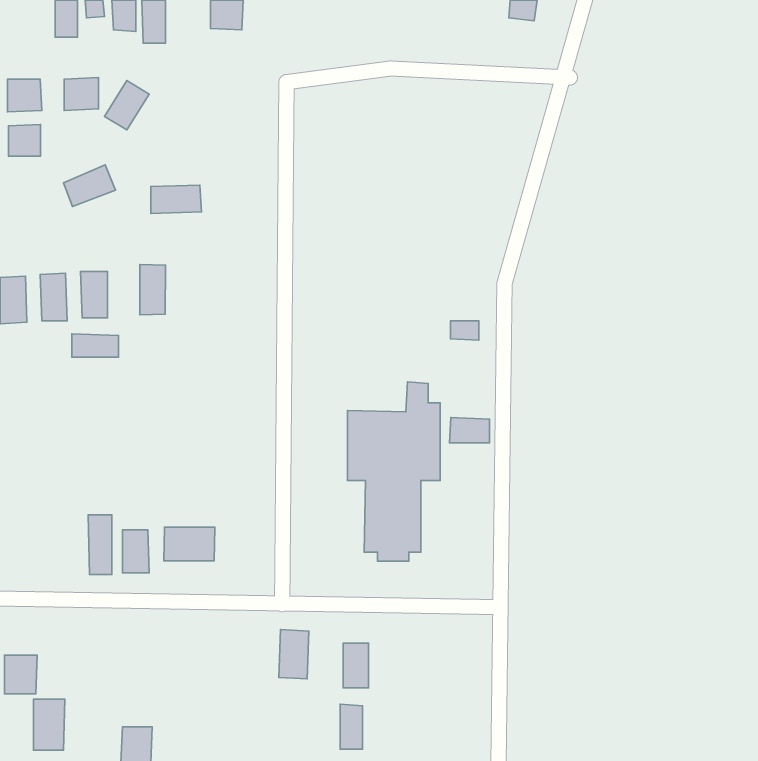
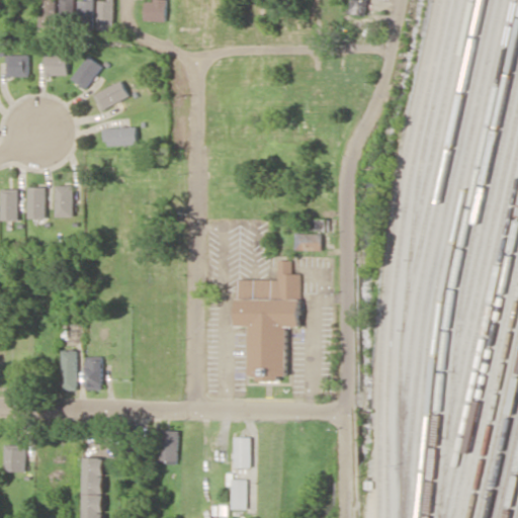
building: [9,124,40,156] -> none
building: [63,165,116,207] -> [93,81,128,109]
building: [140,265,165,315] -> none
building: [72,334,118,357] -> none
building: [449,418,490,443] -> [292,233,320,250]
building: [164,527,215,561] -> none
building: [279,630,309,679] -> [158,430,178,463]
building: [34,699,65,750] -> [82,457,103,492]

